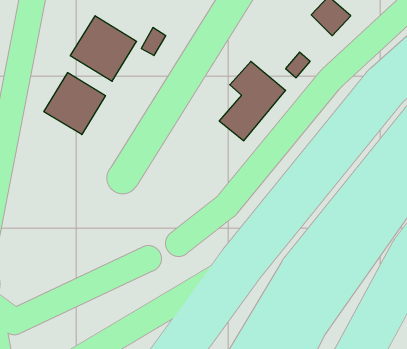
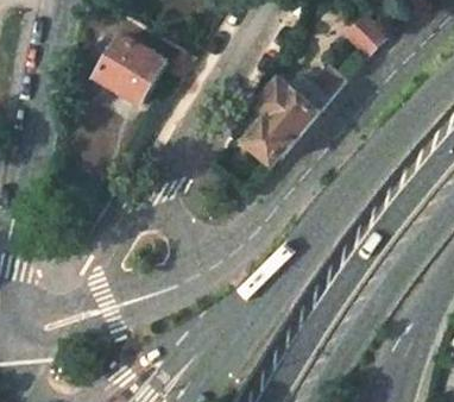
building: [44,73,105,135] -> none

